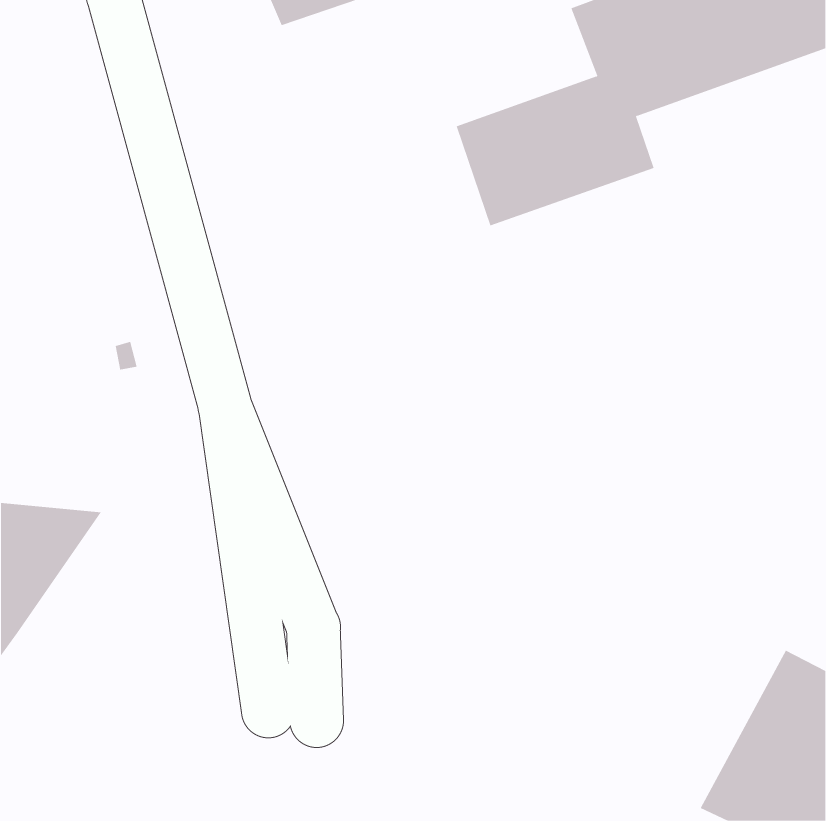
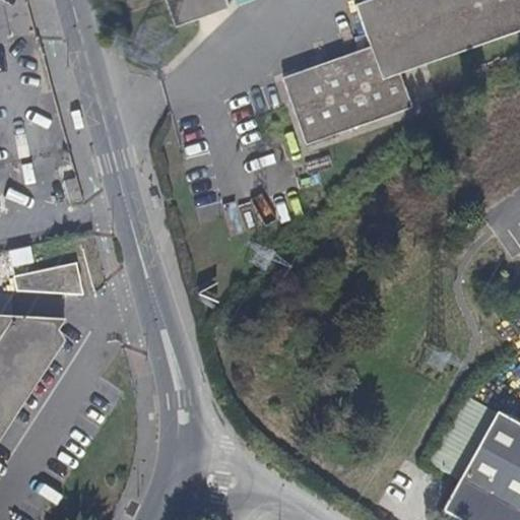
building: none -> [12,265,83,296]

